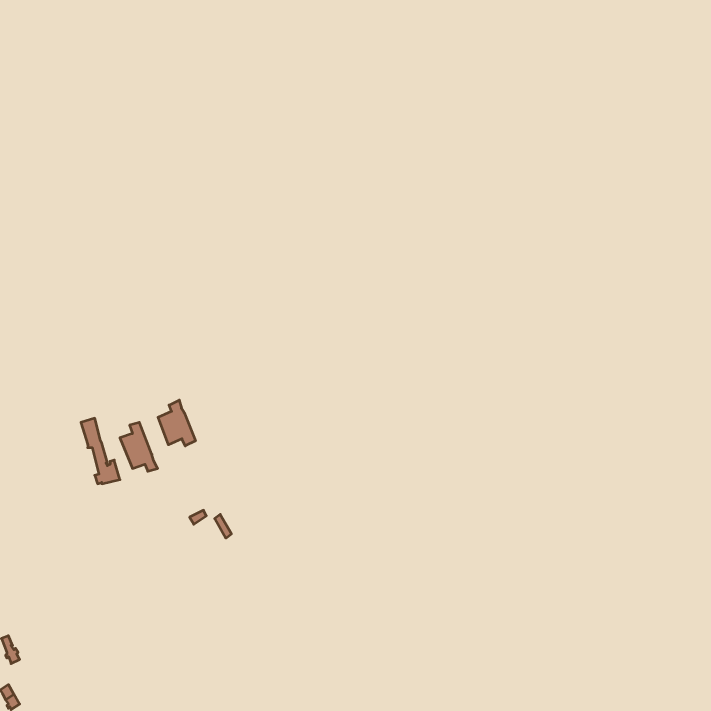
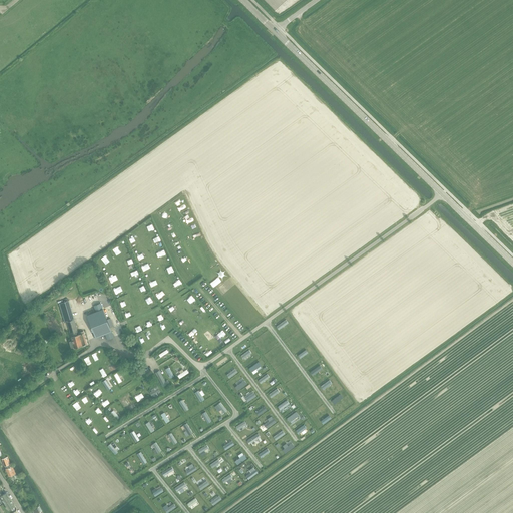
building: [158,400,195,446] -> none

